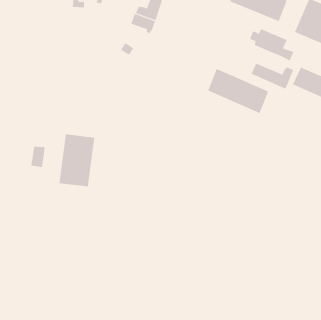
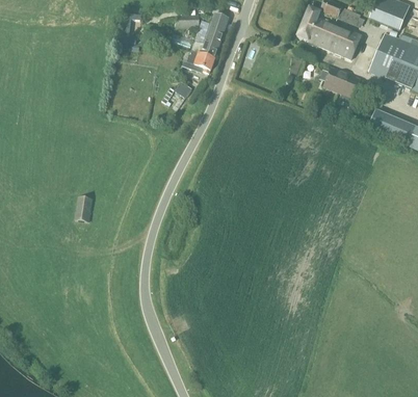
building: [251,63,294,89] -> none
building: [207,68,269,114] -> none
building: [59,133,95,187] -> none

